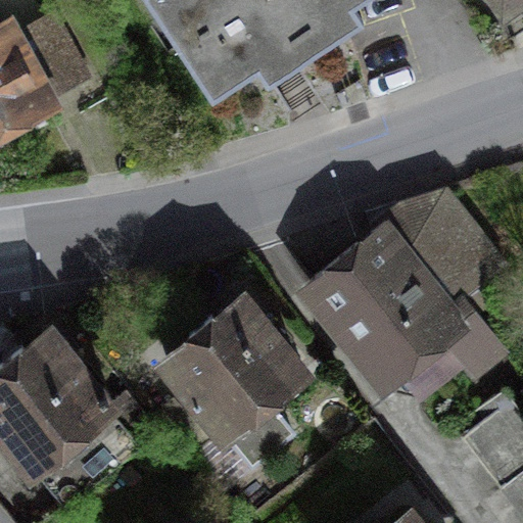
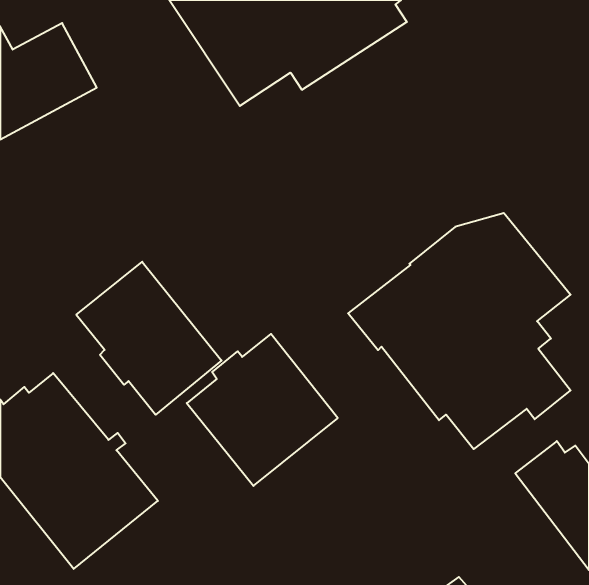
building: none -> [76,262,222,415]

